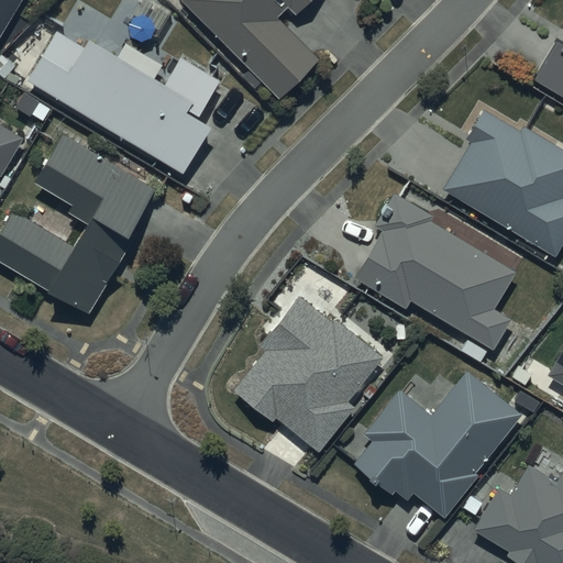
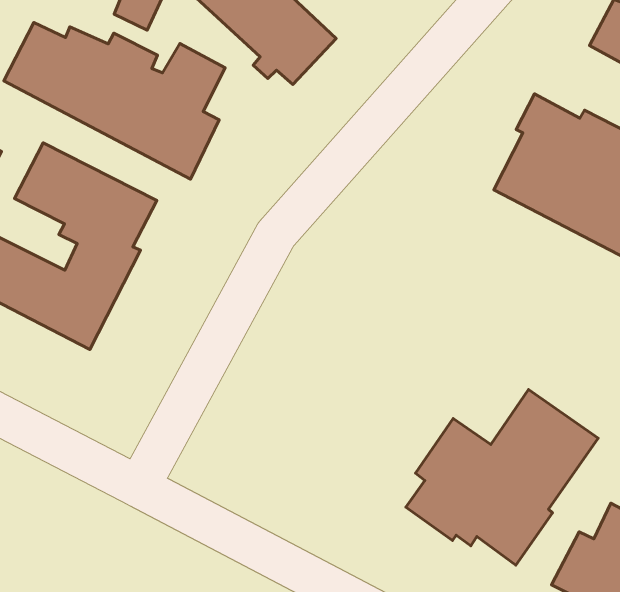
building: [352,192,525,363] -> none
building: [233,295,383,452] -> none

